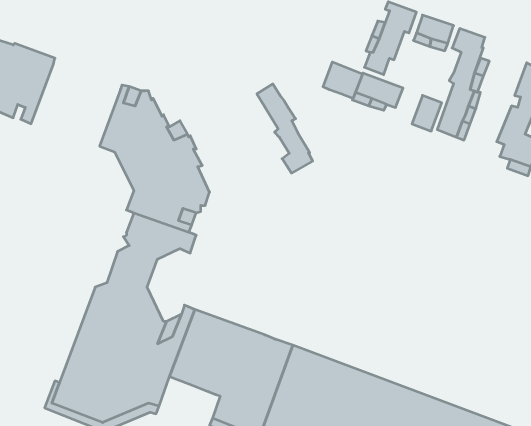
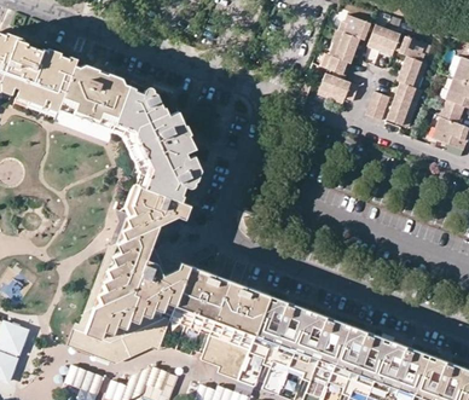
building: [323,62,362,99] -> none
building: none -> [53,65,128,141]
building: [257,84,313,173] -> none

